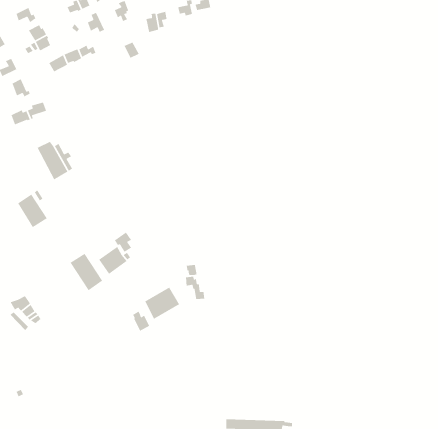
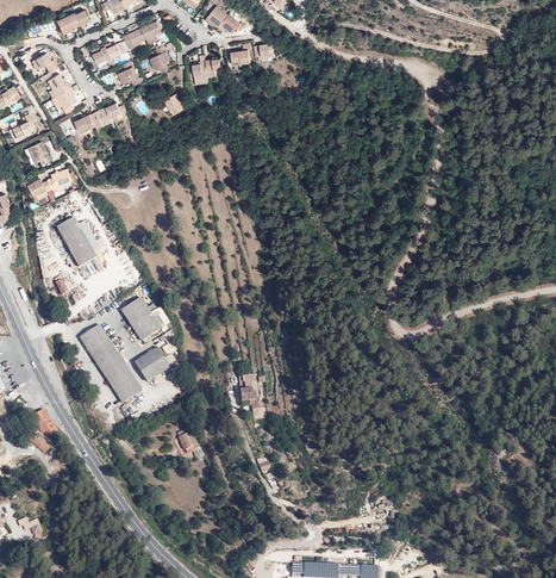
building: [17,194,48,228] -> [79,327,117,369]
building: none -> [121,300,160,344]
building: [144,287,180,319] -> none

